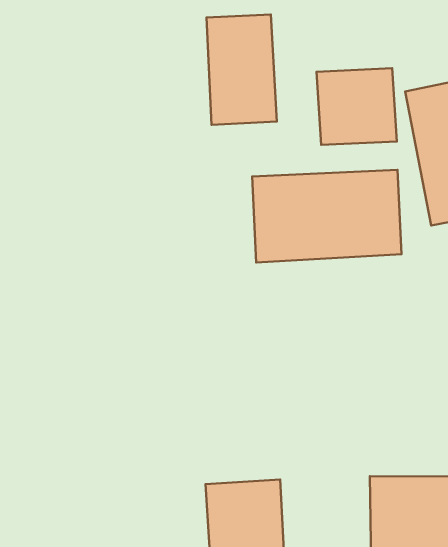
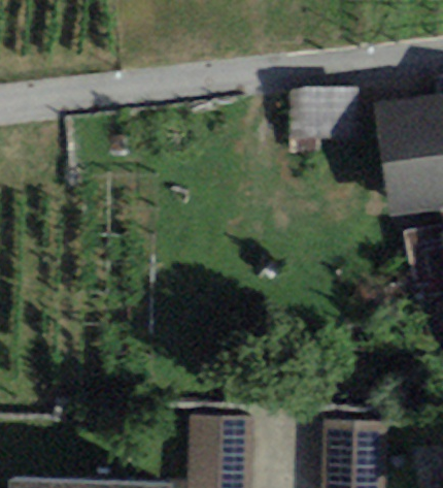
building: [207,14,277,125] -> none
building: [252,170,401,262] -> none

